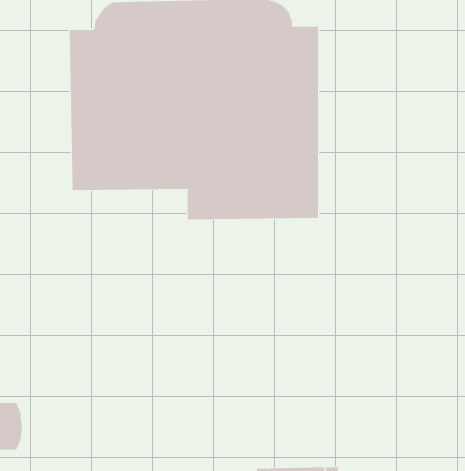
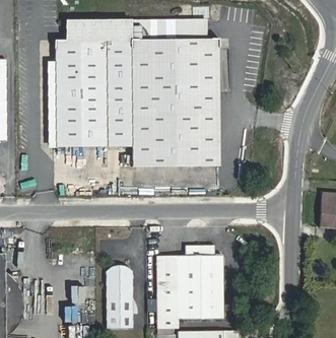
building: none -> [157,245,223,328]
building: none -> [105,264,133,328]

